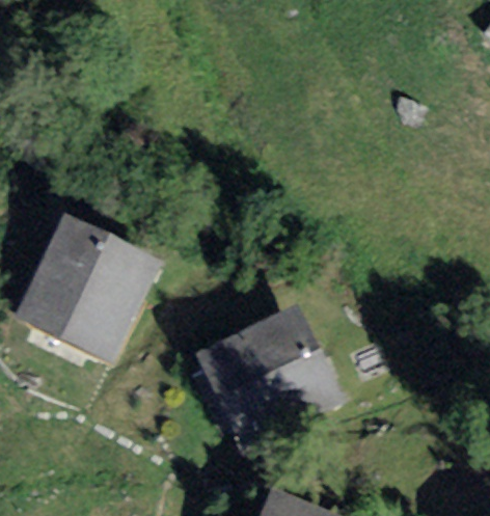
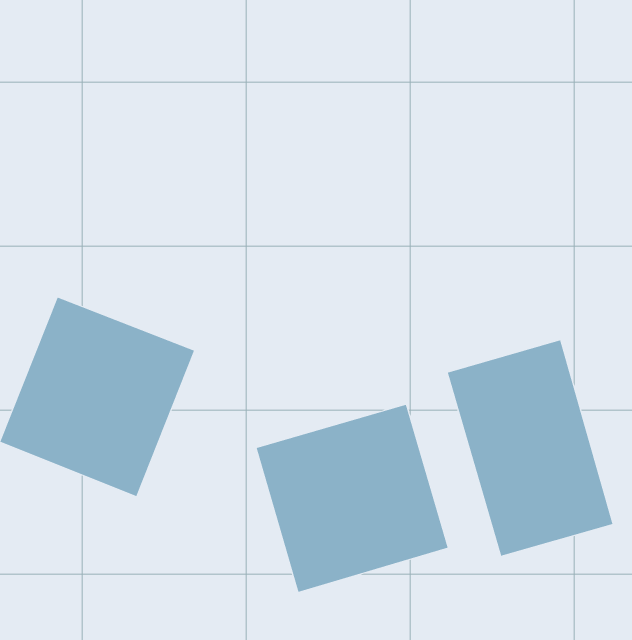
building: none -> [447,339,613,557]

